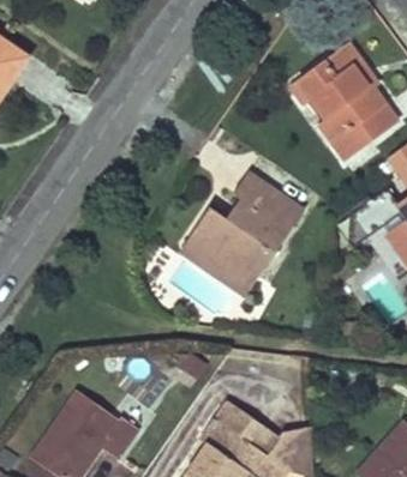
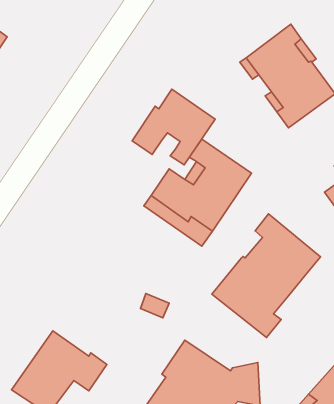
building: none -> [132,89,215,165]
building: none -> [212,214,320,338]

